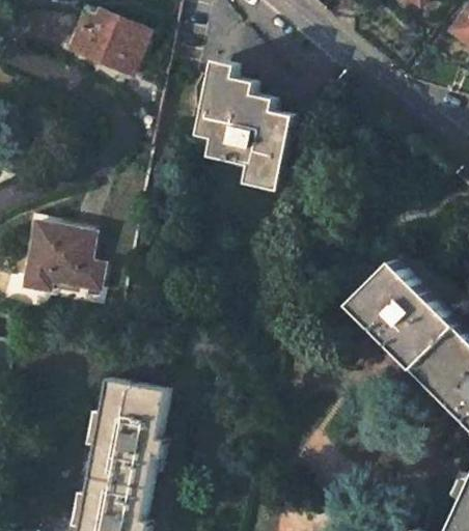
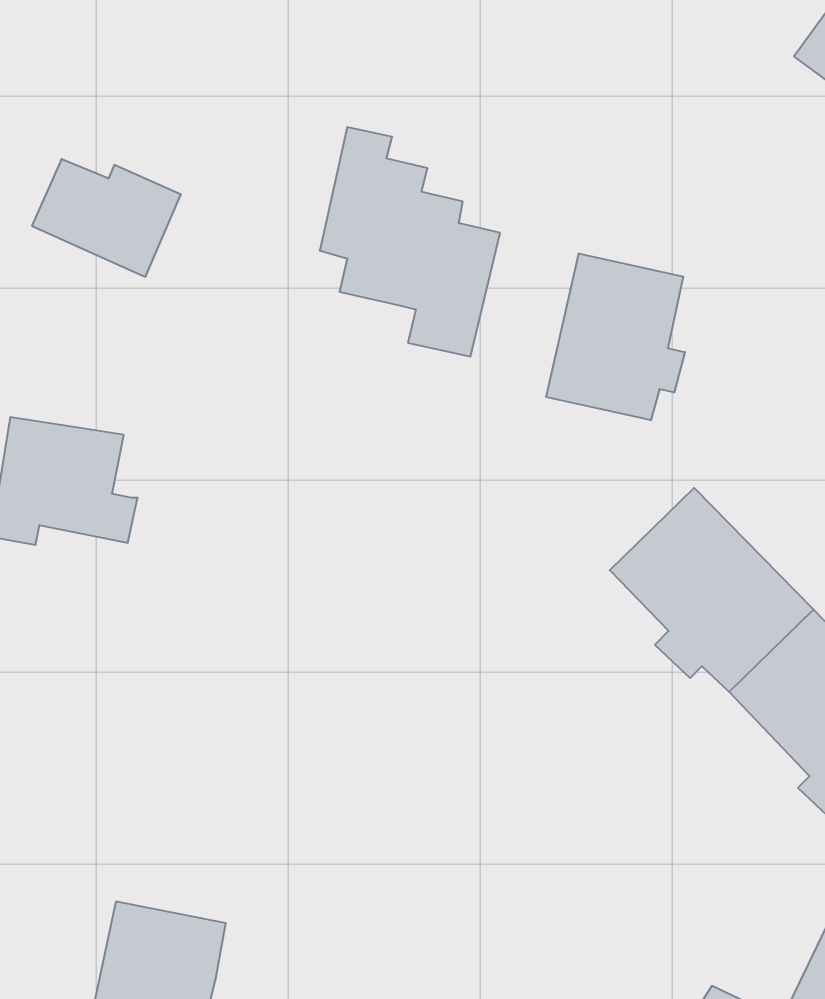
building: [67,12,146,75] -> [32,159,181,277]
building: none -> [546,253,685,420]
building: [87,378,165,490] -> none

